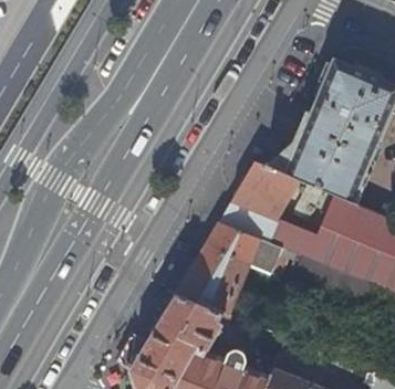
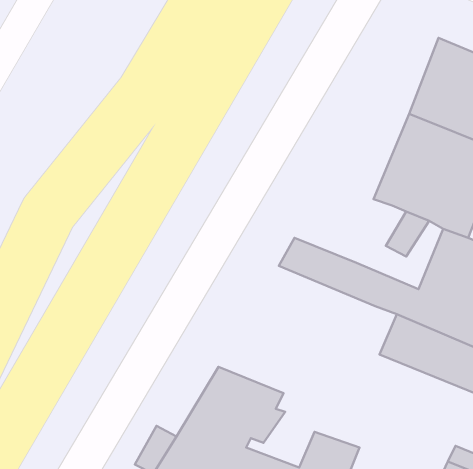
building: [232,158,302,218] -> none
building: [178,220,290,311] -> none

